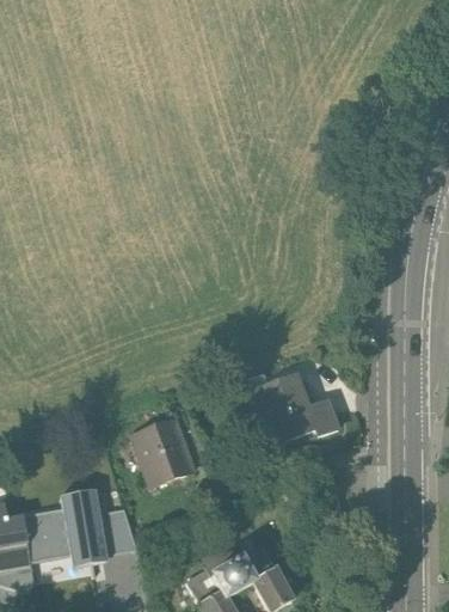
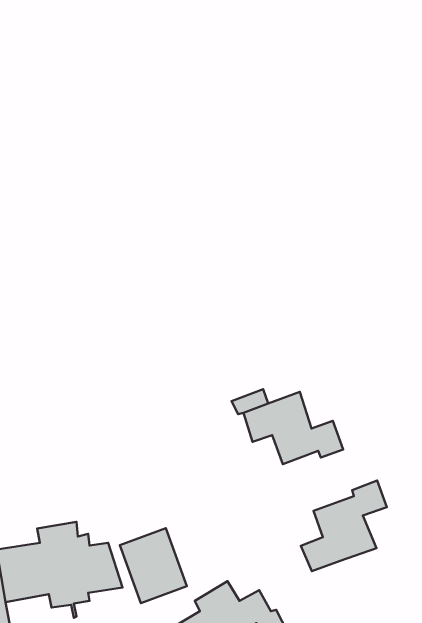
building: [131,420,192,488] -> [120,528,187,603]
building: none -> [301,481,387,571]

